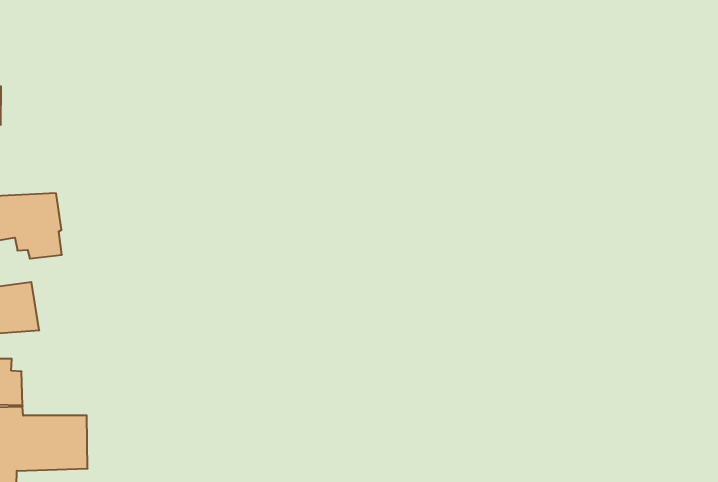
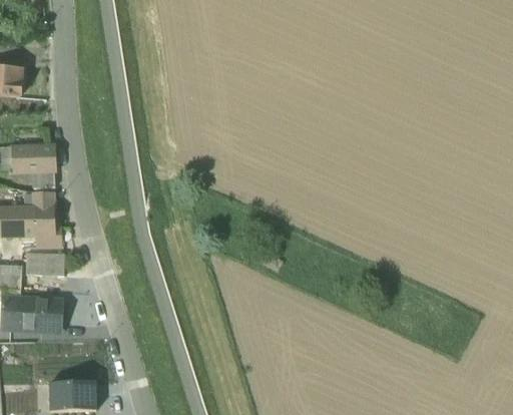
building: none -> [21,190,60,247]
building: none -> [20,251,63,275]

